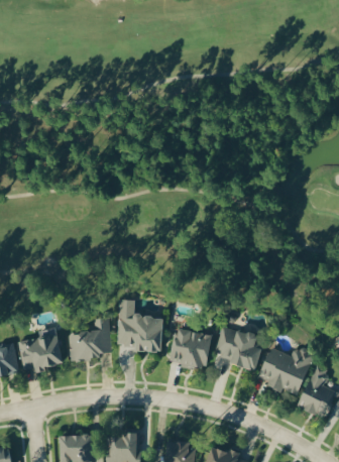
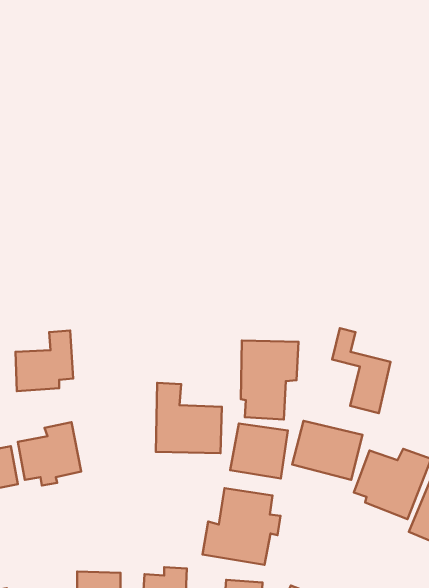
building: none -> [332,328,391,413]
building: none -> [241,340,298,420]
building: [69,318,110,361] -> [15,331,73,391]
building: none -> [202,488,280,565]

